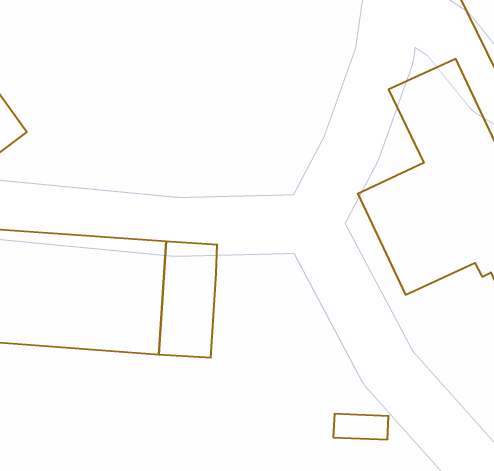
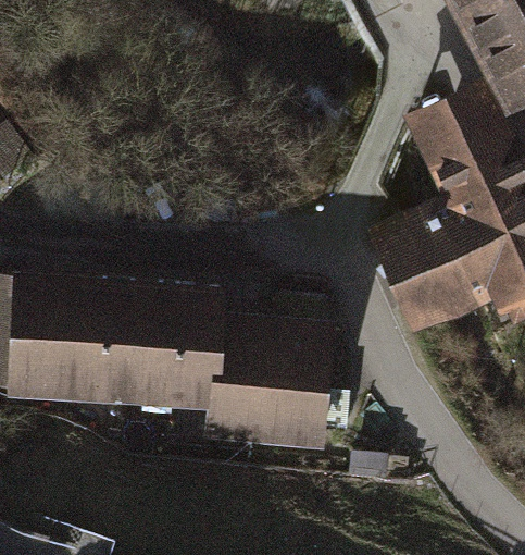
building: none -> [217,320,323,446]

